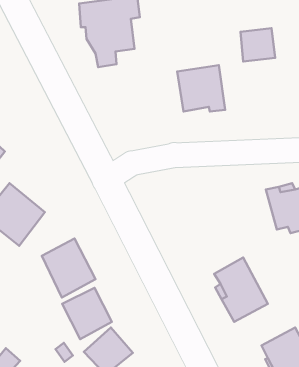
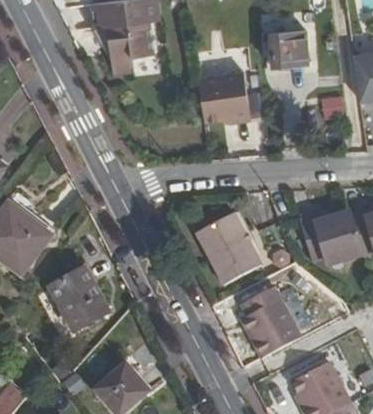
building: none -> [195,210,262,282]
building: [62,288,112,339] -> none

